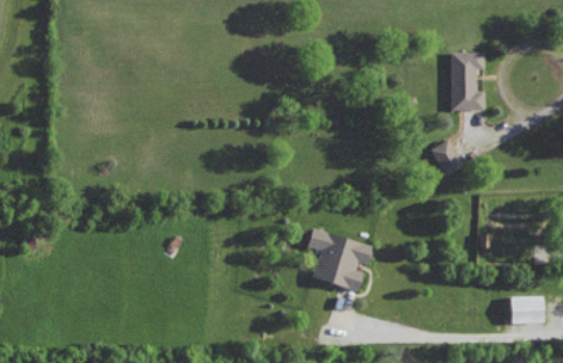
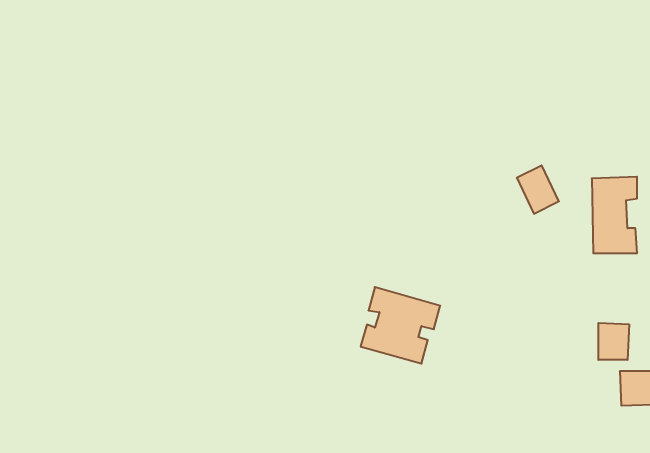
building: [449,51,484,110] -> [592,177,637,253]
building: none -> [598,323,629,360]

